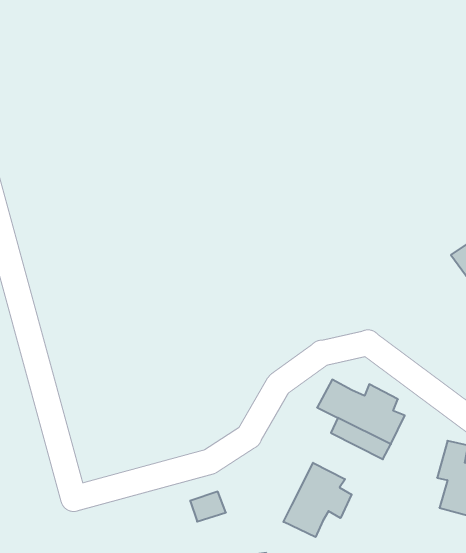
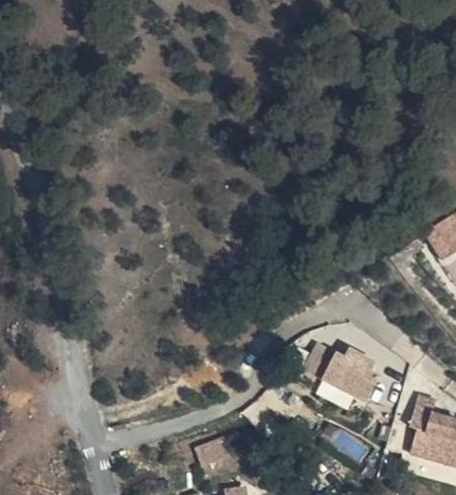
building: [283,463,352,537] -> none

